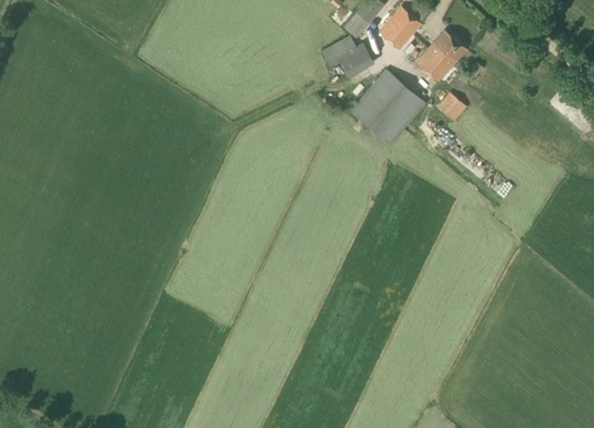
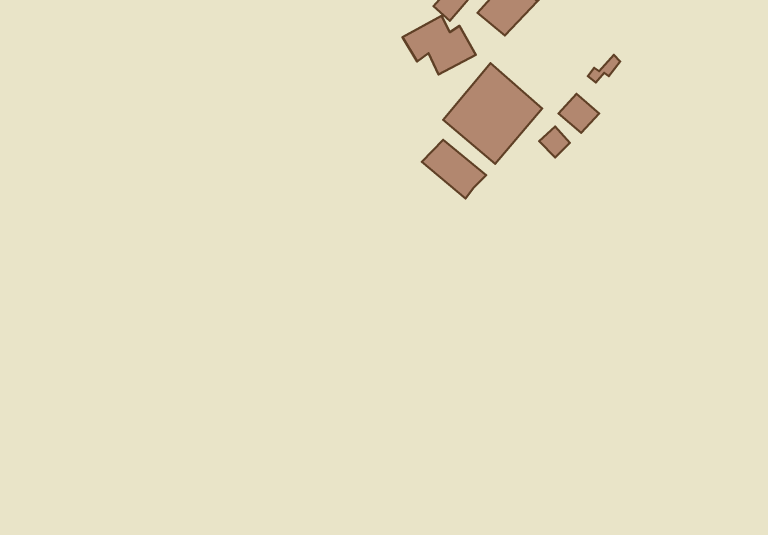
building: [416,30,466,81] -> none
building: none -> [422,140,486,199]

